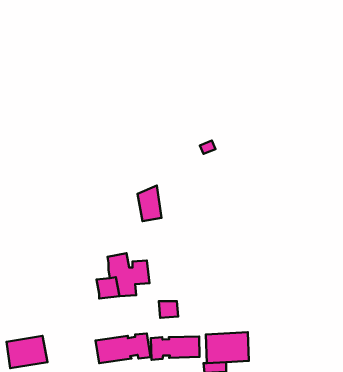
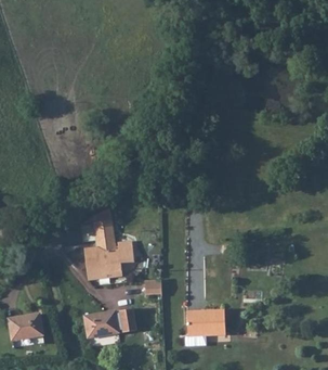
building: [138,185,162,221] -> [93,207,115,240]
building: [151,336,199,360] -> none

